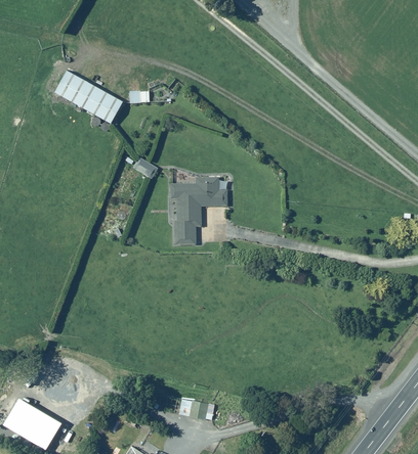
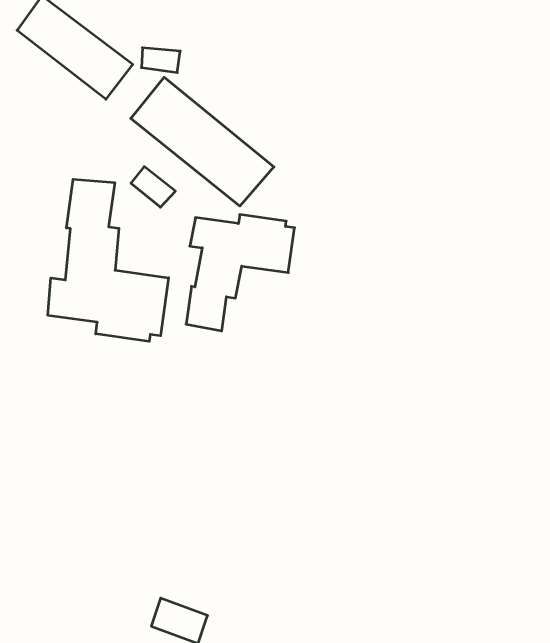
building: none -> [131,77,274,206]
building: none -> [48,179,169,341]

